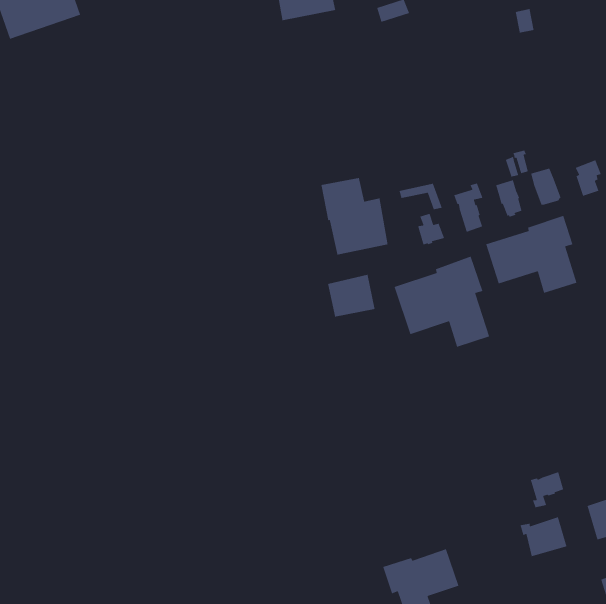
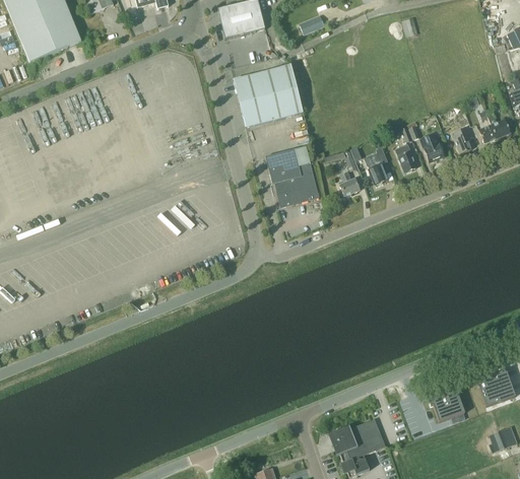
building: none -> [233,64,303,127]
building: [485,215,577,294] -> none
building: [393,256,490,348] -> none
building: [327,274,375,317] -> none
building: [530,471,564,508] -> none

